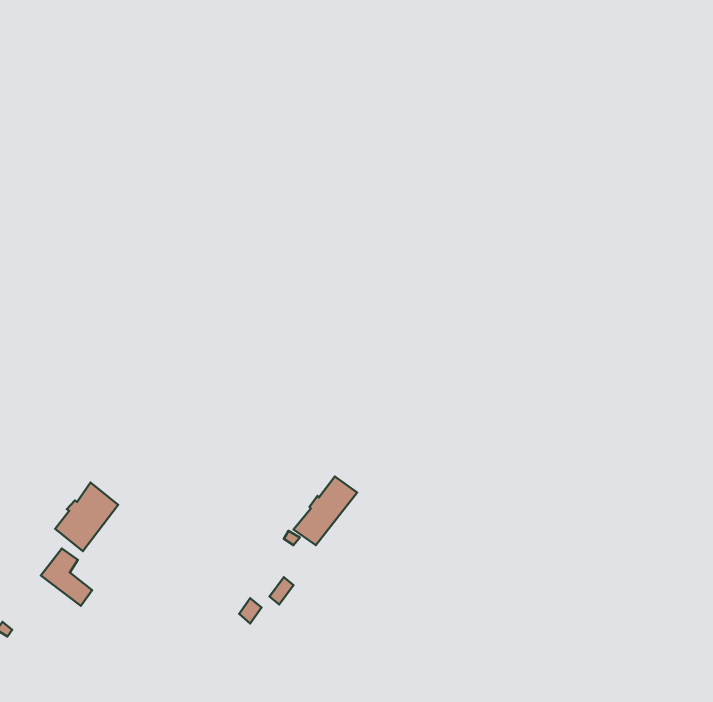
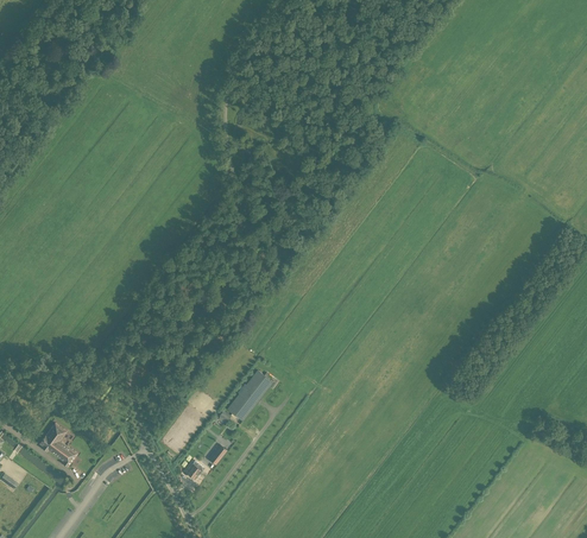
building: [55,482,118,551] -> none

